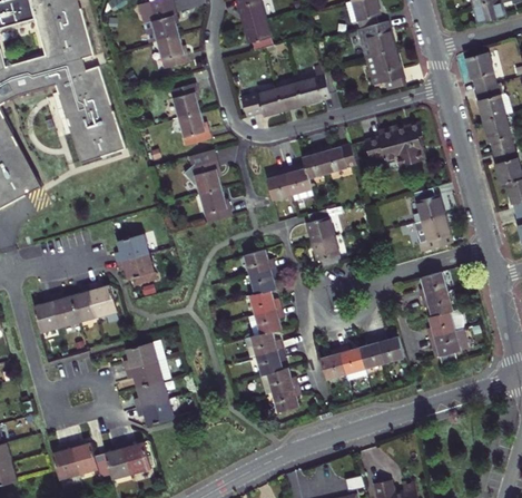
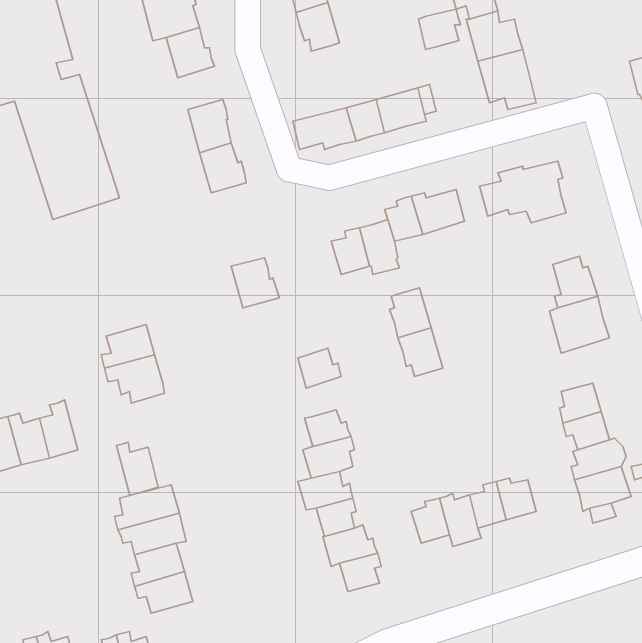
building: none -> [419,9,461,50]
building: [185,150,223,195] -> none
building: [250,268,277,295] -> none
building: [89,282,117,318] -> [117,442,158,495]

